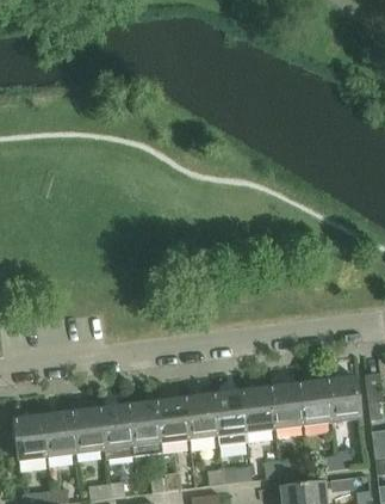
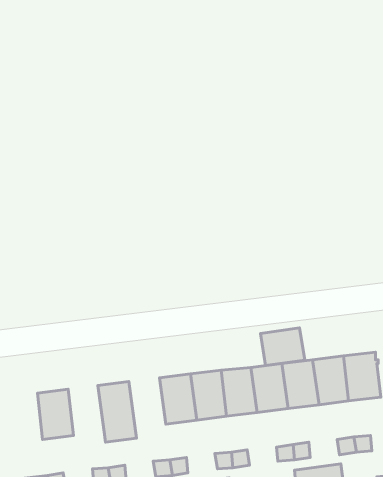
building: none -> [260,328,305,366]
building: [128,399,163,455] -> none
building: [72,406,105,453] -> none
building: [13,413,48,460] -> none

